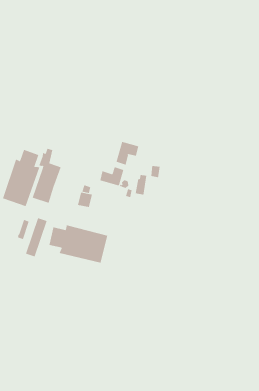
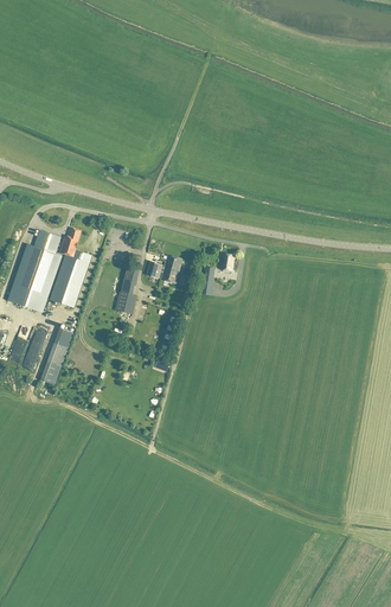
building: [116,141,139,165] -> none
building: [49,224,108,264] -> none

